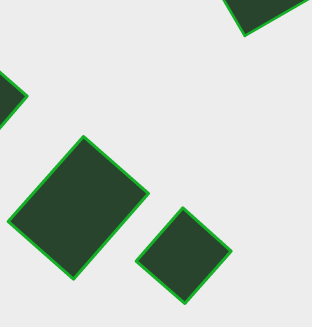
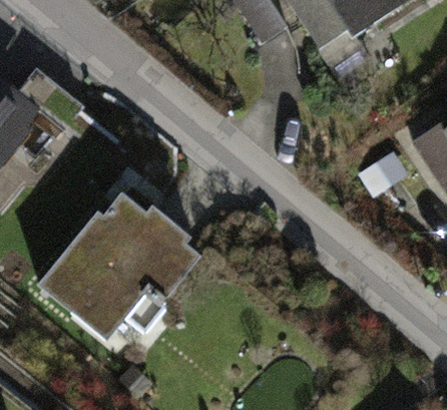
building: [136,208,231,304] -> none

